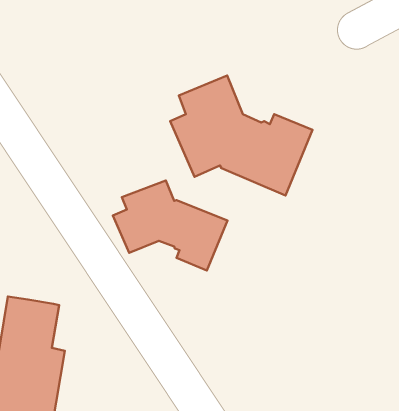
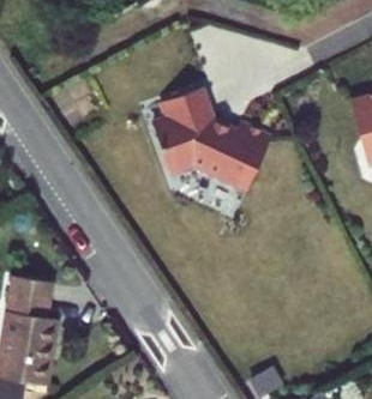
building: [113,181,227,271] -> none

